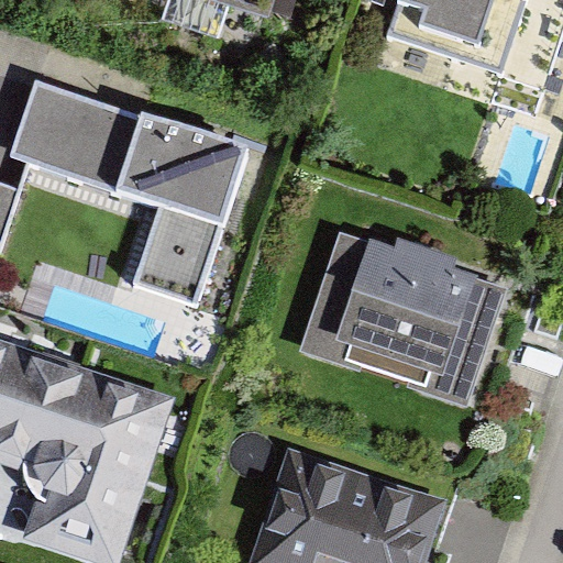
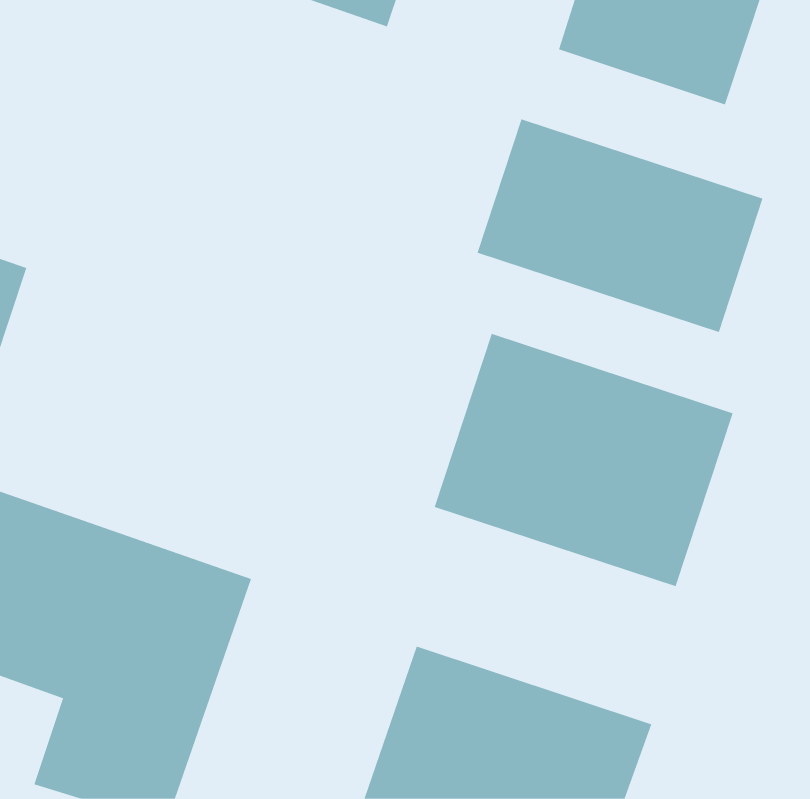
building: [8,80,247,306] -> none
building: none -> [477,118,763,333]

